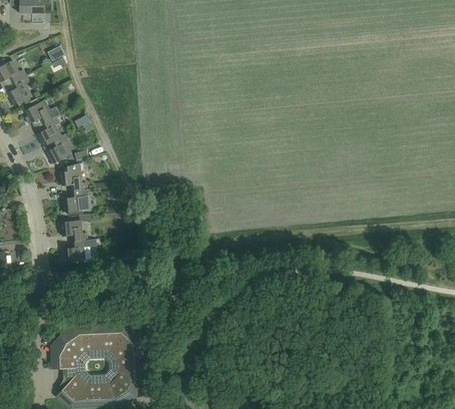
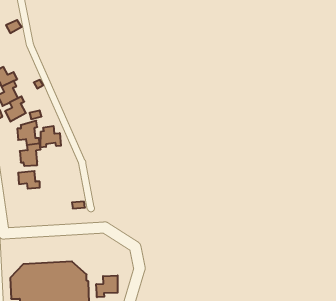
building: none -> [40,126,61,147]
building: [64,240,88,262] -> none
building: none -> [96,275,118,297]

